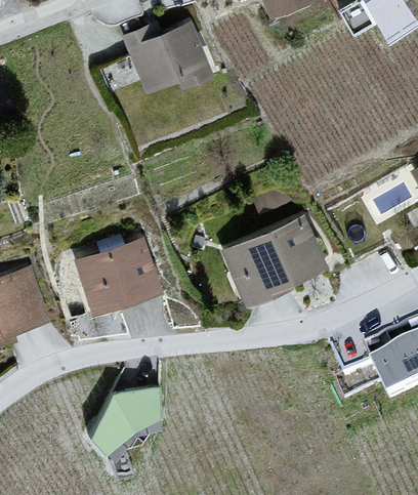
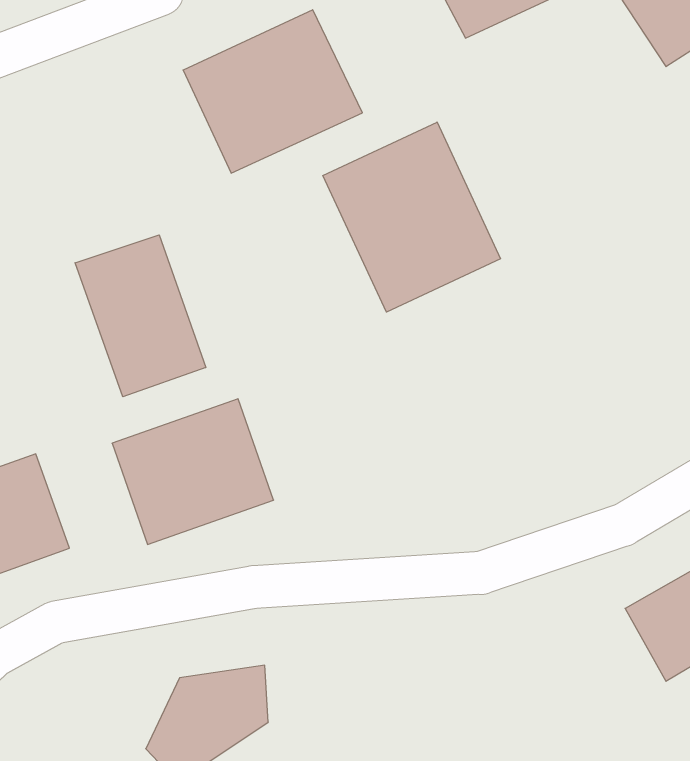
building: none -> [323,122,501,312]
building: none -> [75,235,206,397]
building: [217,210,333,313] -> none

